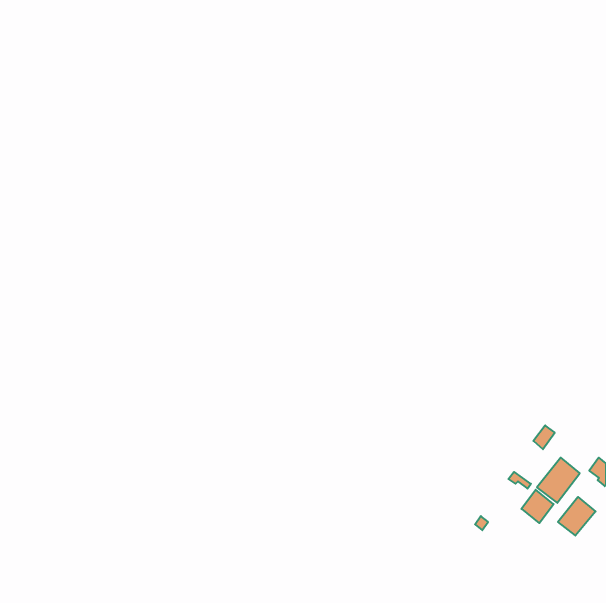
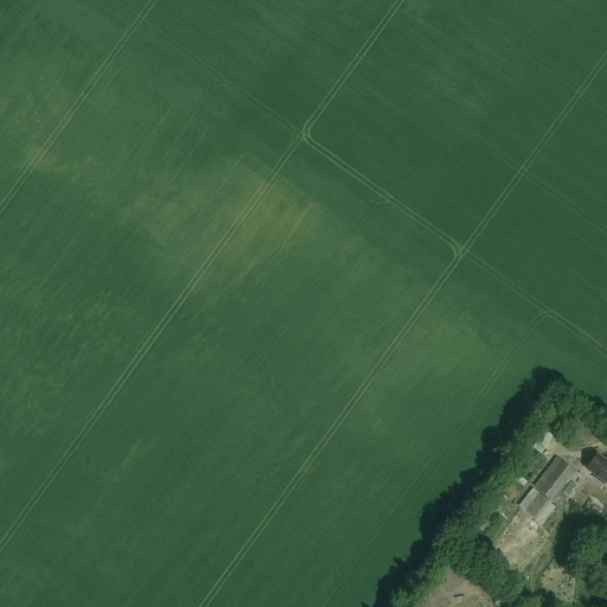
building: [558,497,596,536] -> none

